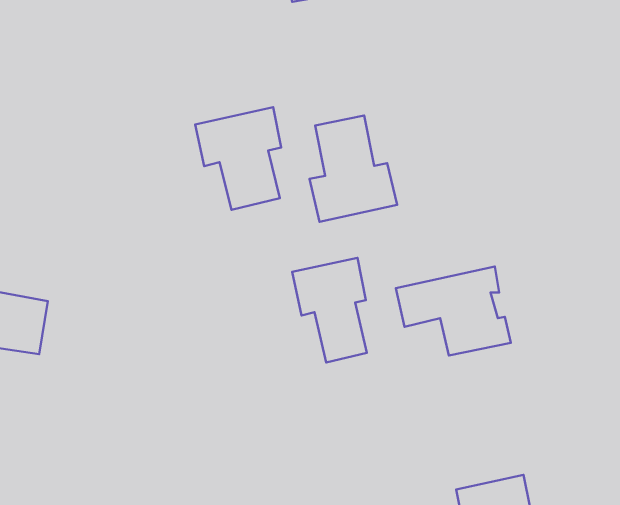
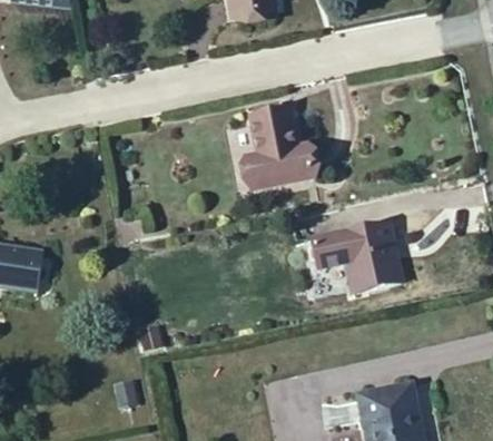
building: [195,107,281,210] -> none
building: [292,258,367,362] -> none

